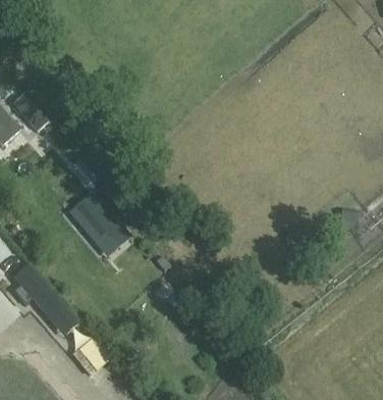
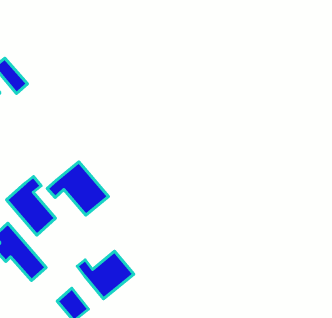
building: none -> [7,176,56,235]
building: none -> [77,251,134,299]

